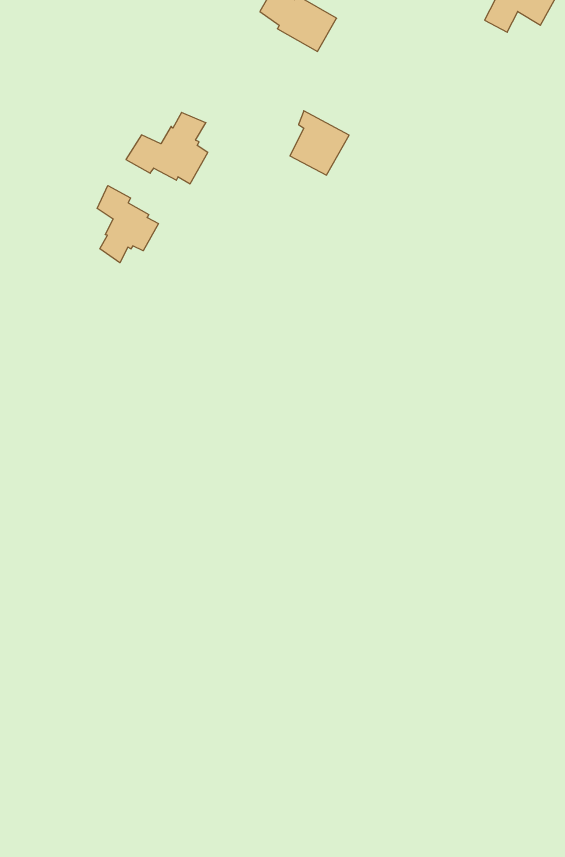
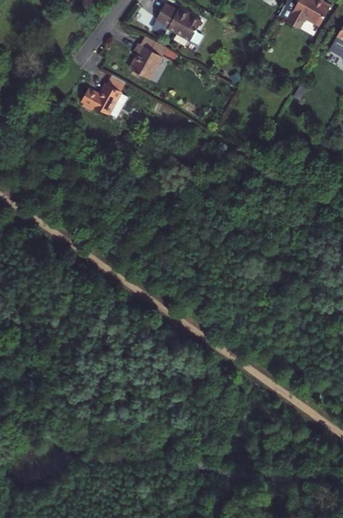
building: [290,111,349,175] -> [130,42,164,80]
building: [97,186,158,263] -> none

